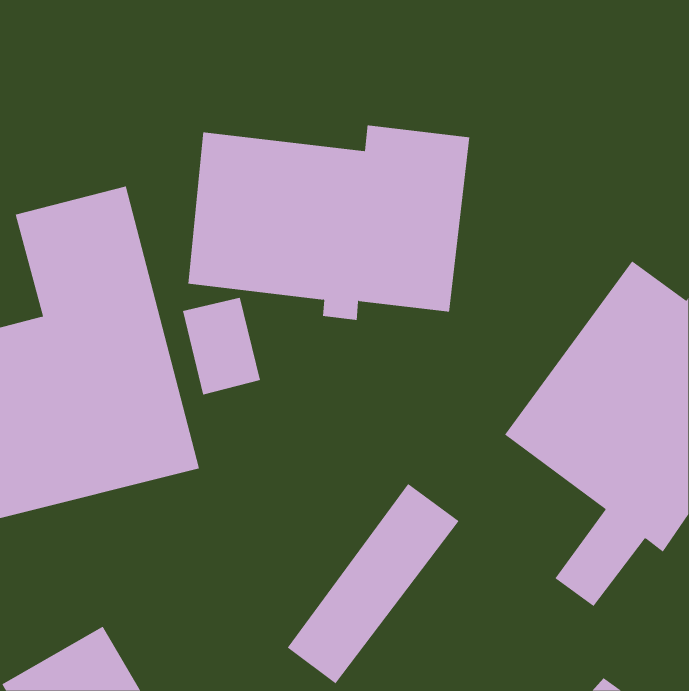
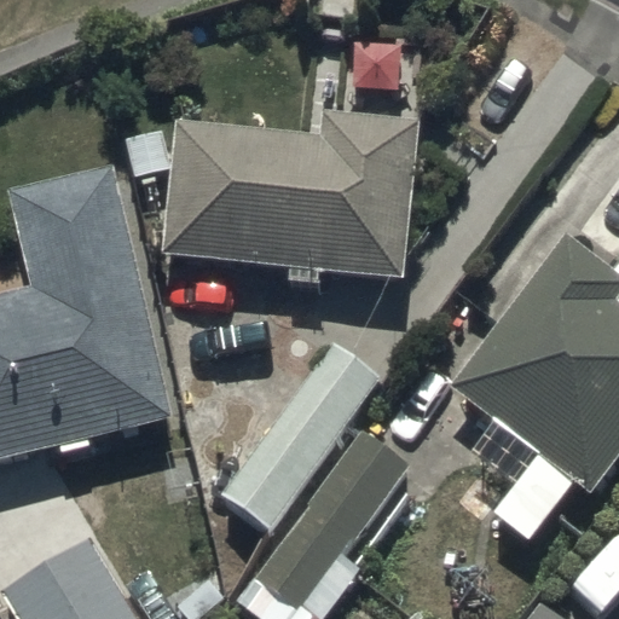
building: none -> [206,341,380,526]

